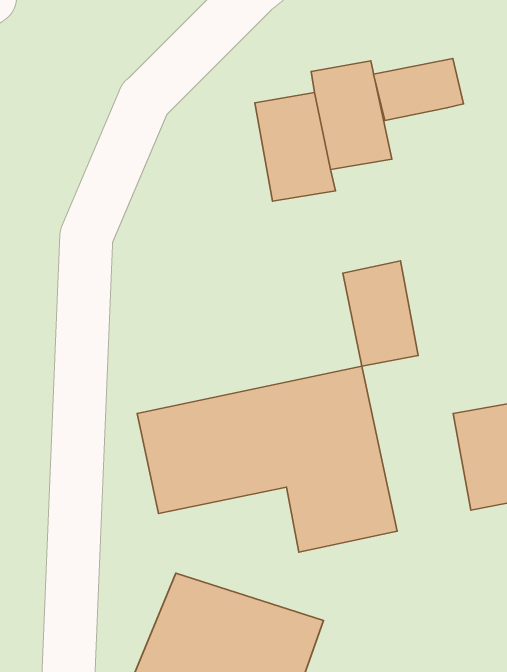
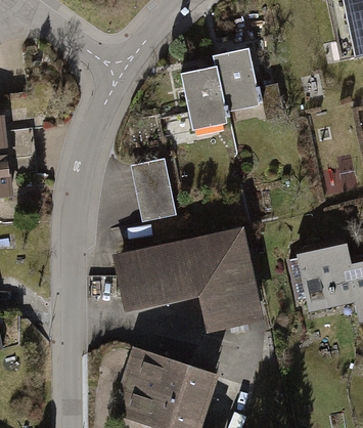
building: [374,59,464,120] -> none
building: [343,261,418,366] -> [131,162,175,223]

